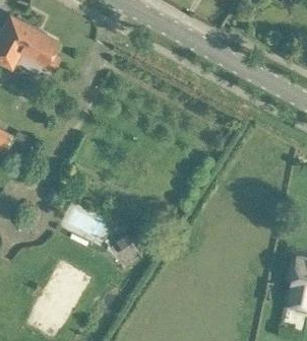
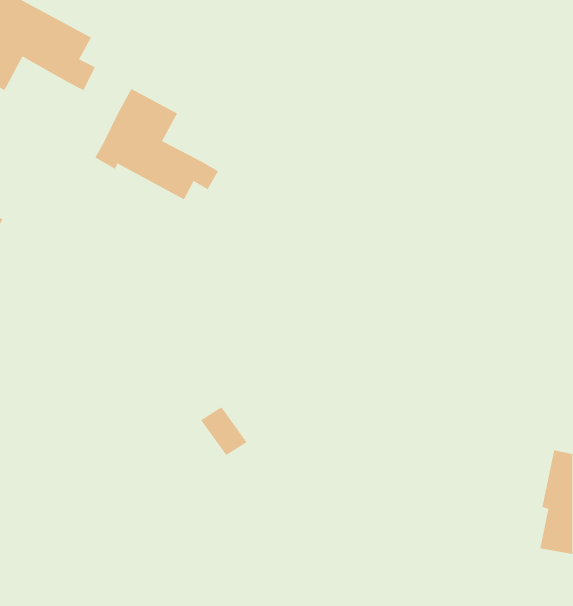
building: none -> [94,88,219,200]

